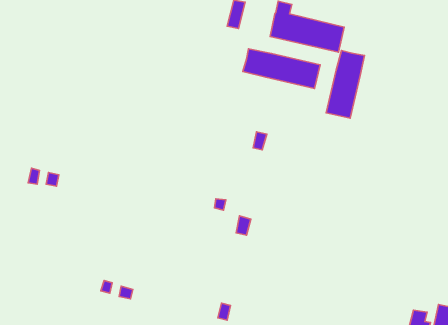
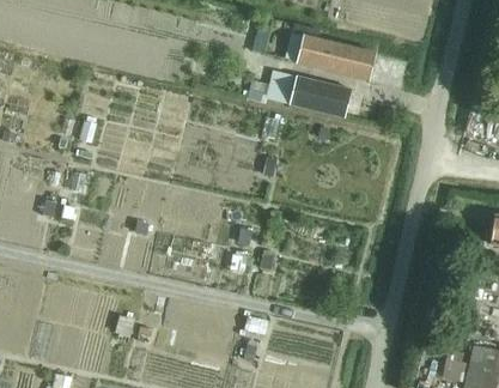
building: [326,51,364,118] -> none

